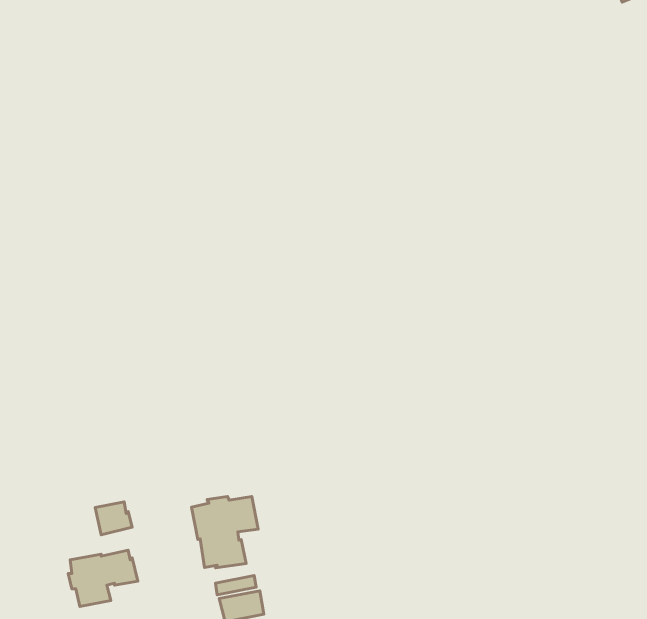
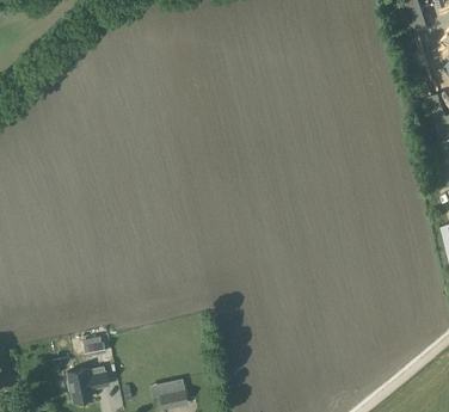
building: [191,497,258,568] -> none

